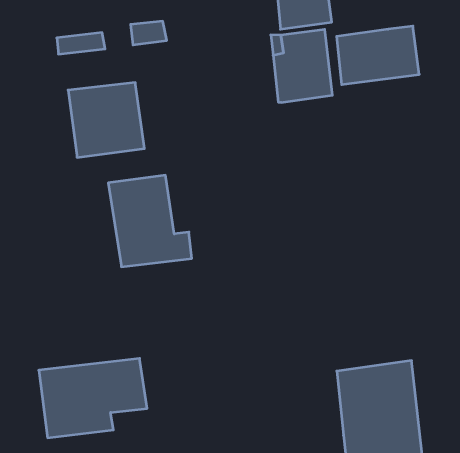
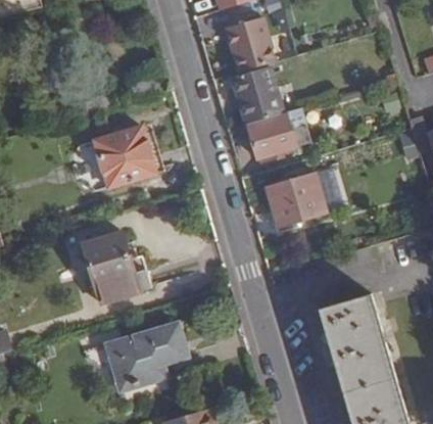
building: [337,26,419,85] -> [247,107,310,157]
building: [108,175,192,267] -> [82,232,150,302]
building: none -> [266,174,326,225]

